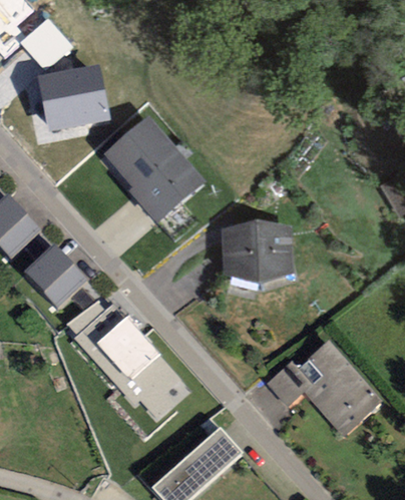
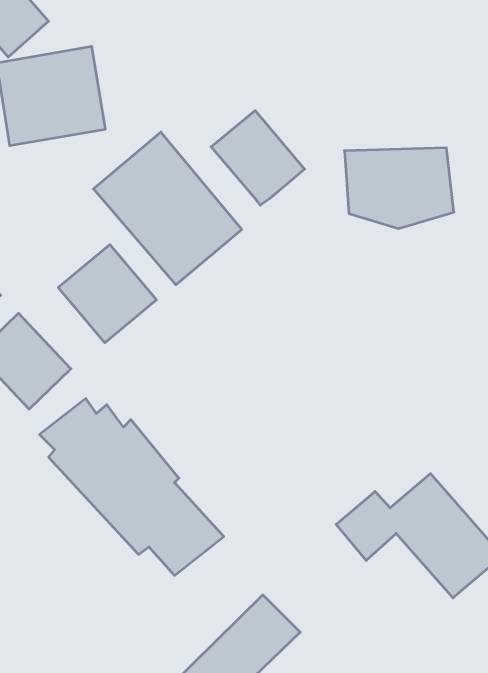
building: none -> [211,111,305,205]
building: none -> [58,245,156,343]
building: [222,228,295,283] -> [344,148,454,229]

